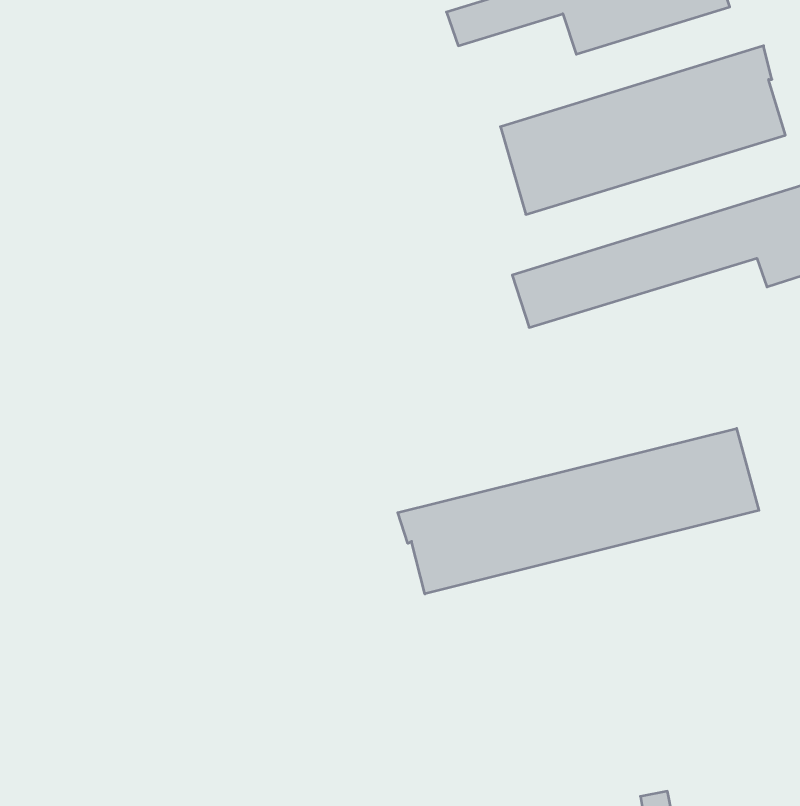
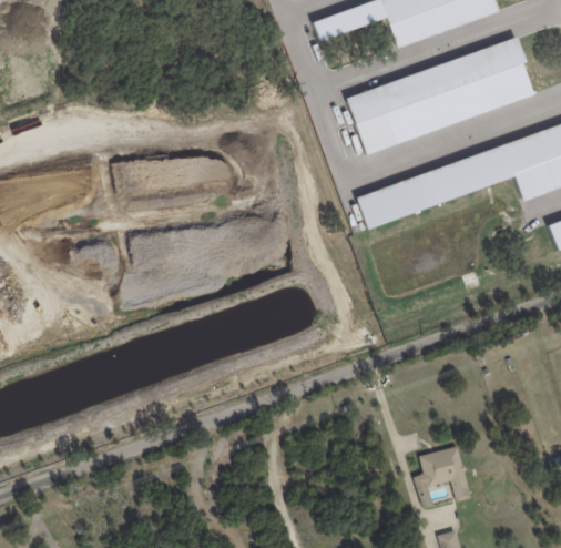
building: [398,428,759,594] -> none
building: none -> [415,446,471,498]

